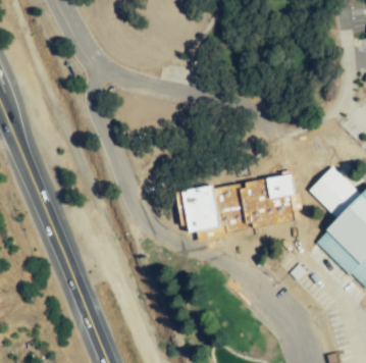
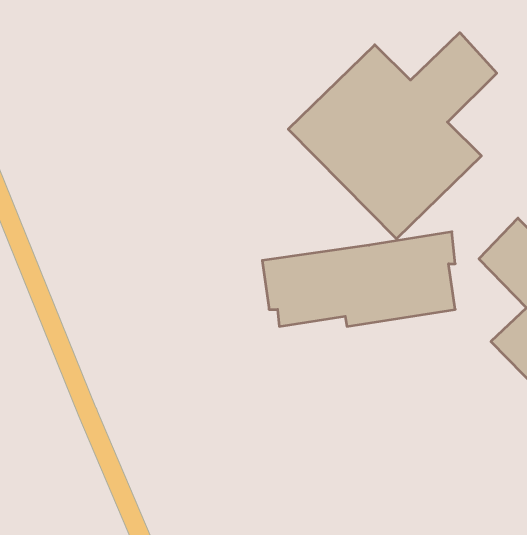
building: none -> [288,33,497,239]

